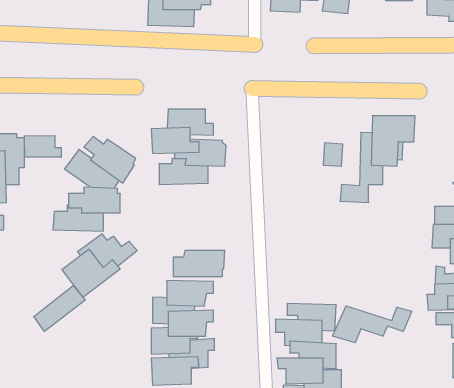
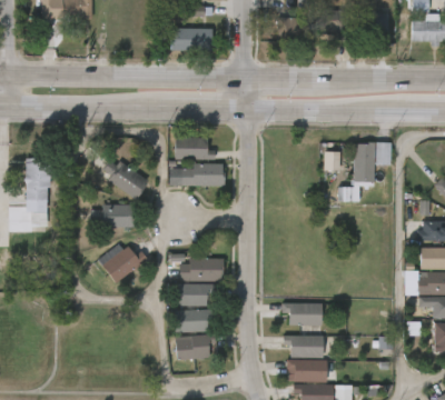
building: [24,136,61,157] -> none
building: [34,286,85,331] -> none
building: [333,306,412,343] -> none

